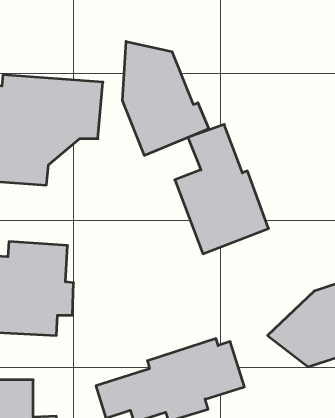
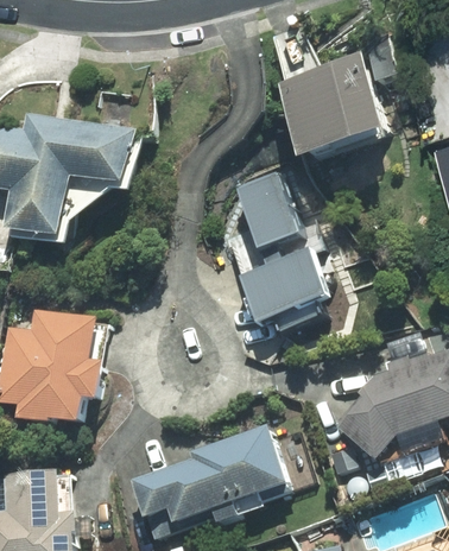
building: none -> [277,50,399,163]
building: [123,41,209,155] -> none

